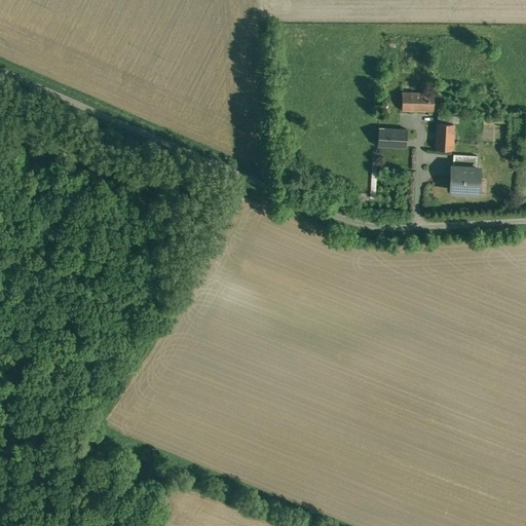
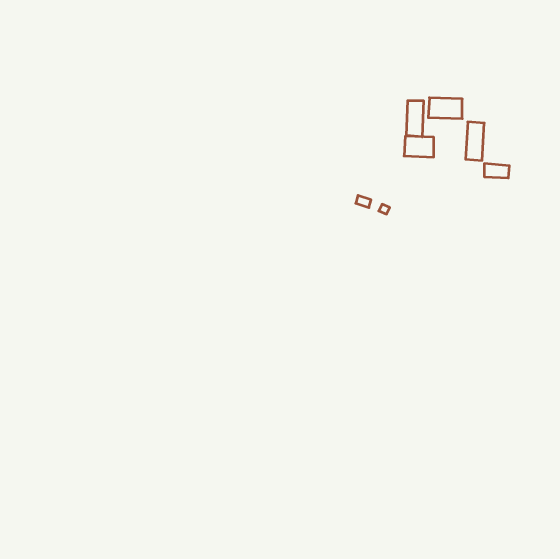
building: none -> [407,101,423,137]
building: [450,167,479,194] -> none

